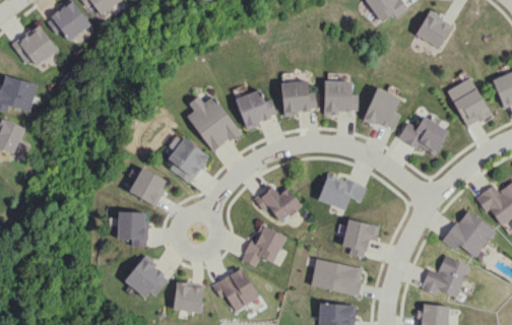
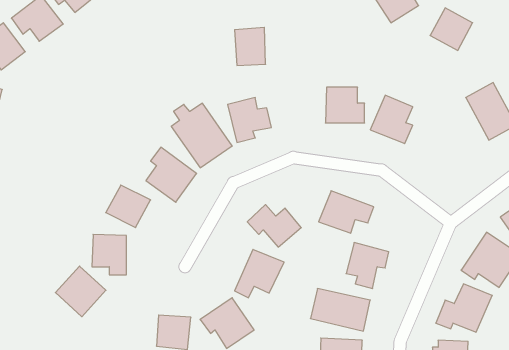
building: [281,80,309,114] -> [235,27,266,65]
building: [398,116,449,157] -> none
building: [124,256,169,301] -> [55,266,106,317]

